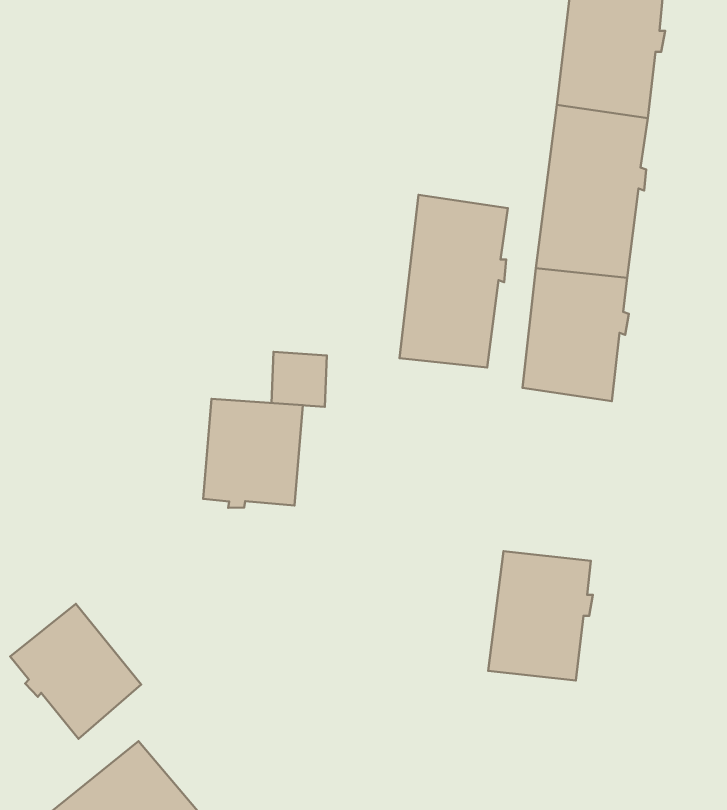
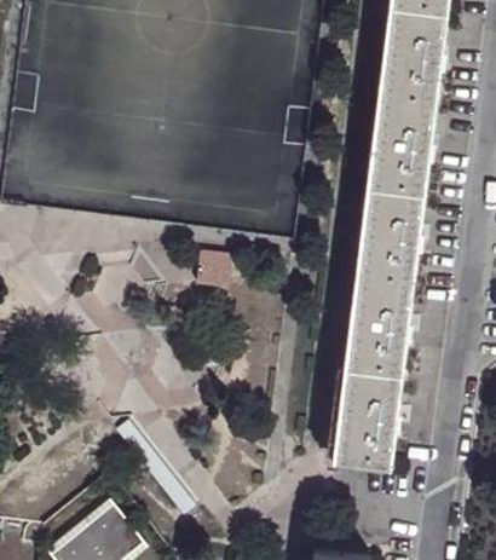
building: [400,195,508,368] -> [345,273,414,383]
building: [203,399,303,508] -> none
building: [10,604,141,739] -> none

